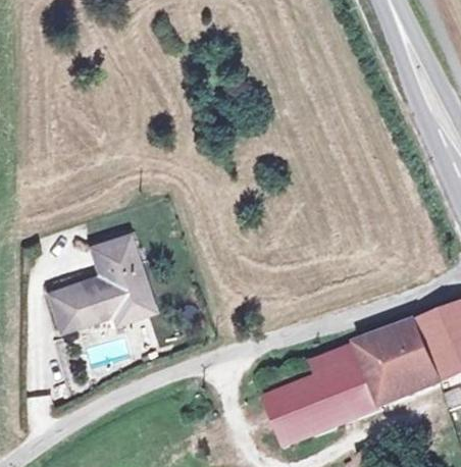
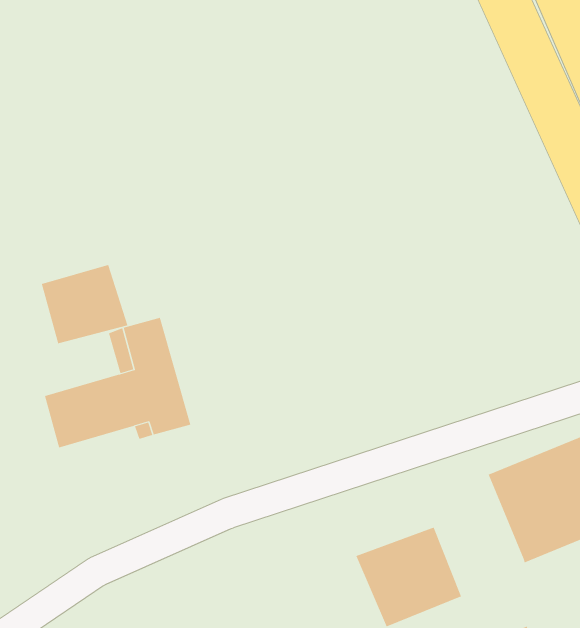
building: none -> [41,264,128,344]
building: [324,342,383,415] -> none

